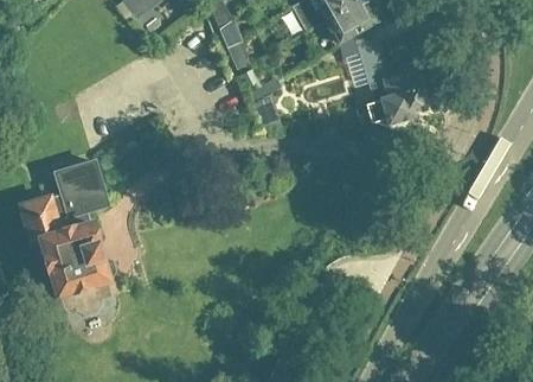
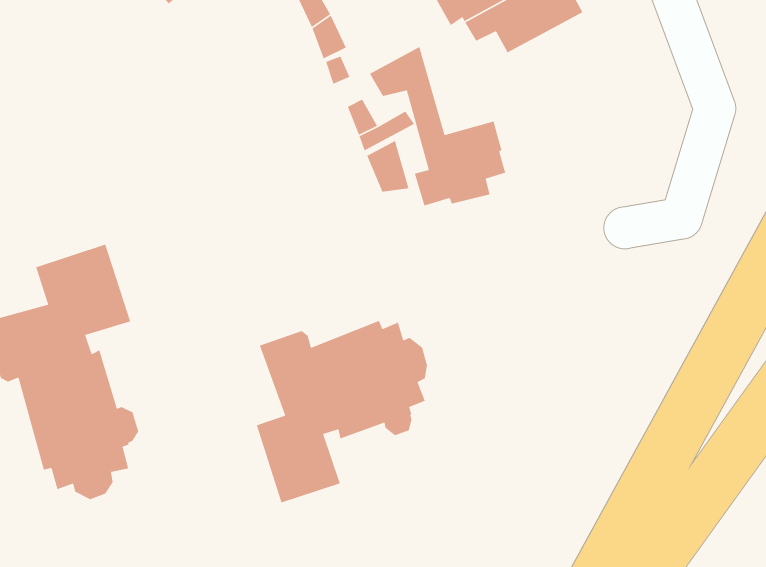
building: [338,26,420,123] -> [369,46,506,207]
building: none -> [256,320,428,503]

